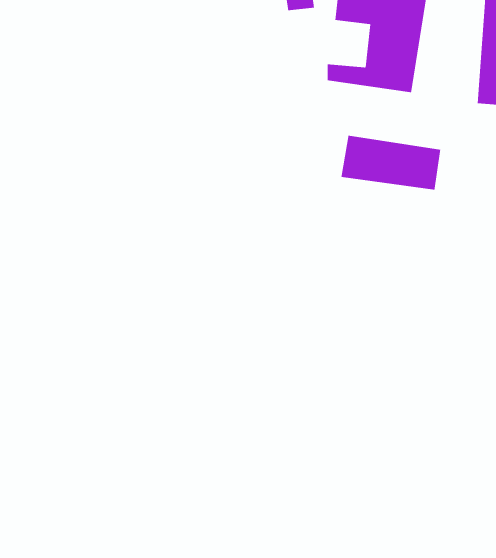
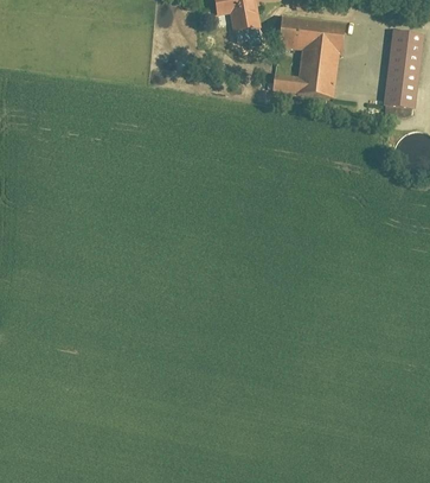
building: [341,135,441,190] -> none

